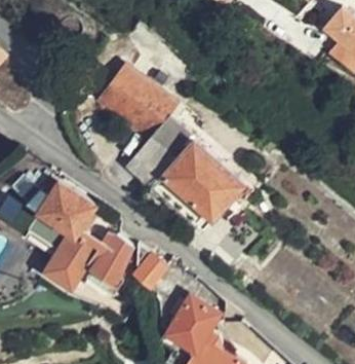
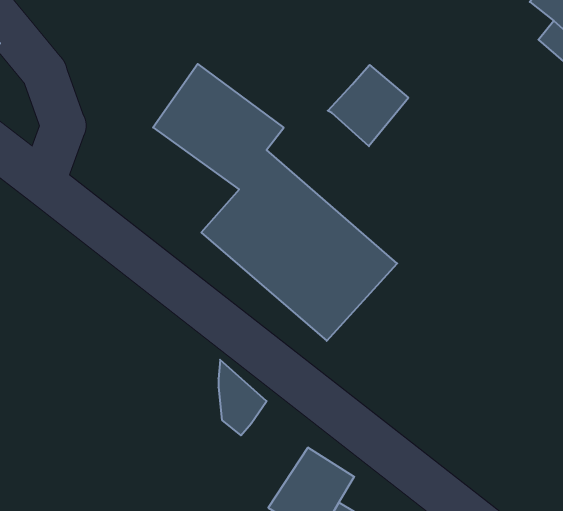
building: none -> [328,65,408,146]
building: [18,184,133,288] -> none

